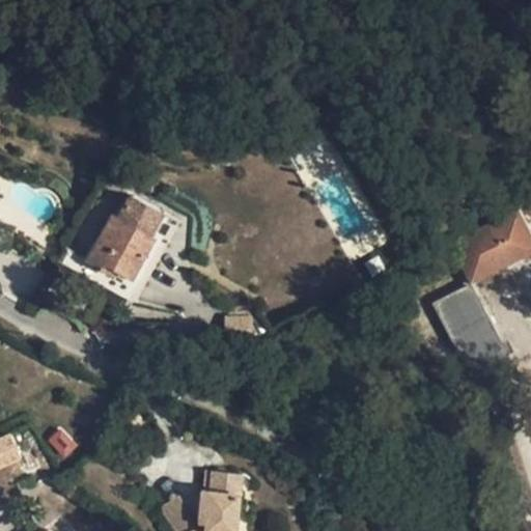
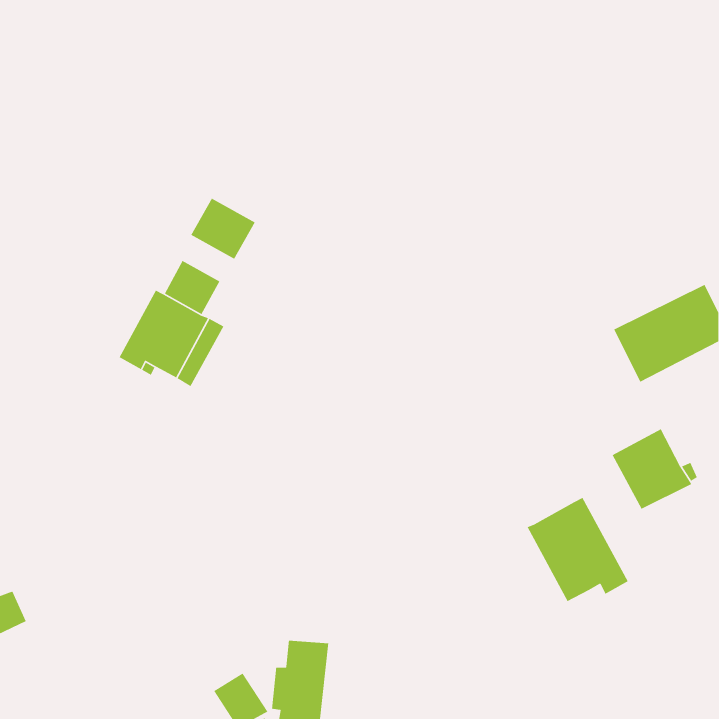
building: none -> [190,198,256,260]
building: [432,285,485,336] -> none
building: none -> [526,497,629,602]

